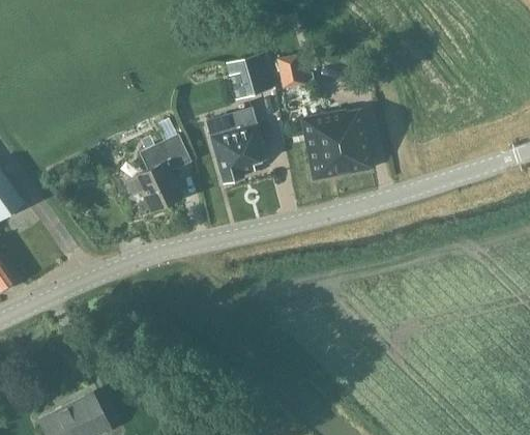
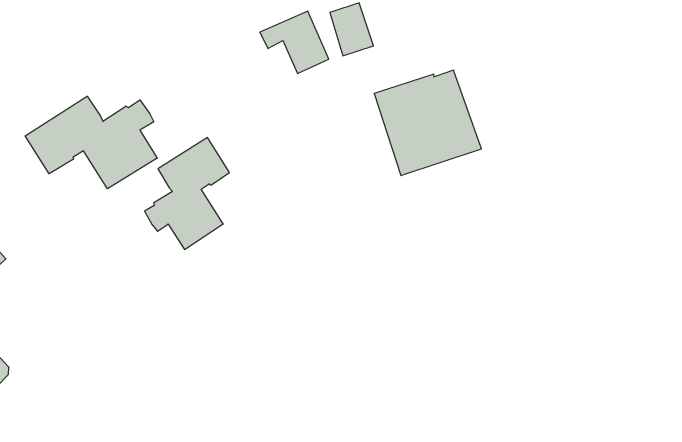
building: none -> [25,96,157,189]
building: [207,117,265,182] -> none

